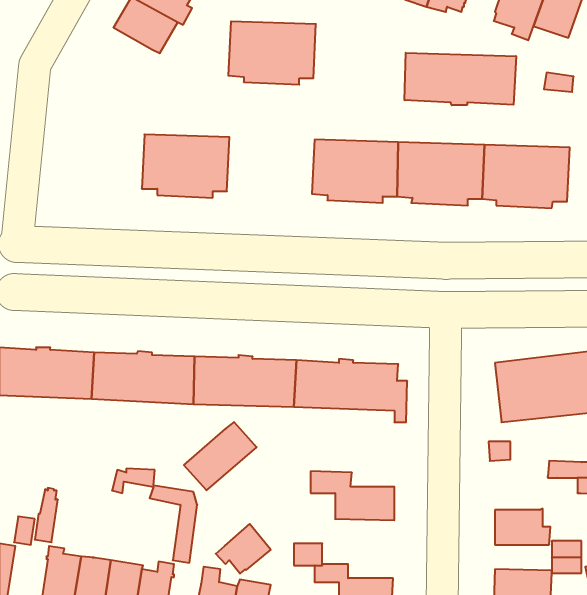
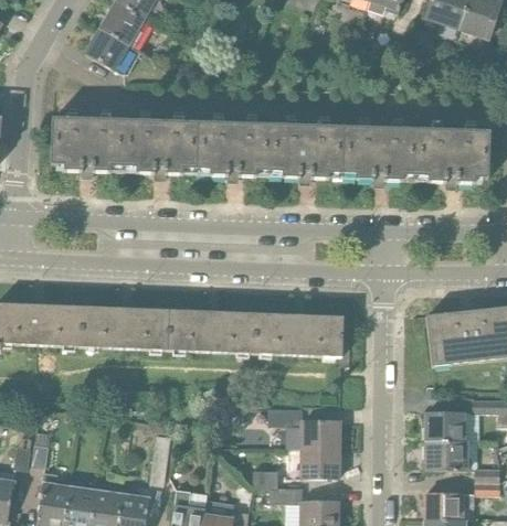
building: [228,21,316,85] -> [197,121,272,175]
building: none -> [85,28,133,72]
building: [405,53,516,105] -> none
building: none -> [51,117,126,171]
building: [184,422,257,490] -> none
building: none -> [426,410,465,440]
building: none -> [289,448,340,477]
building: [216,524,271,574] -> none

